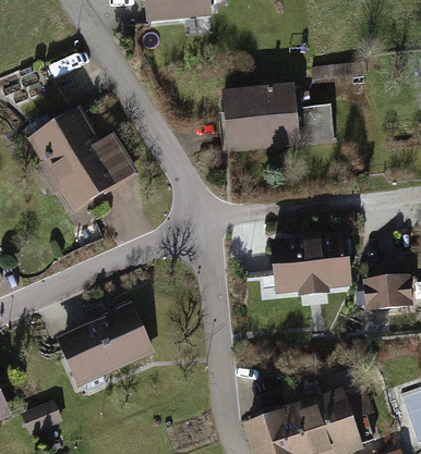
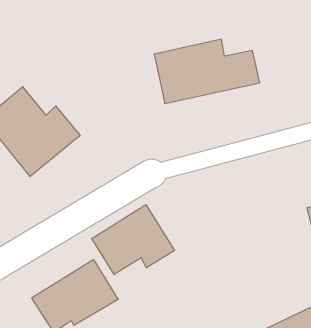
building: [273,234,348,292] -> none
building: none -> [92,205,175,275]

